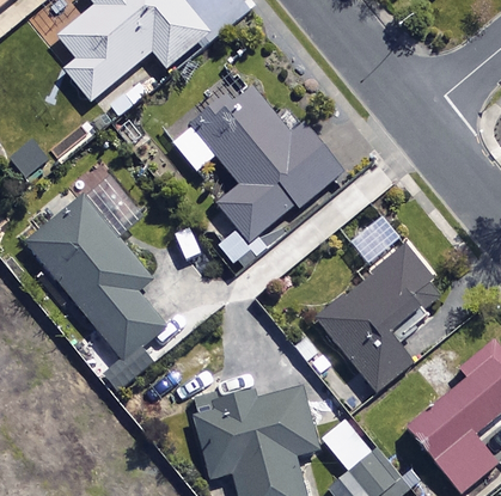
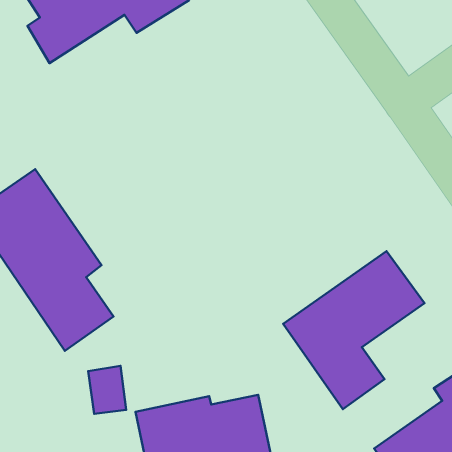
building: [171,80,342,240] -> none

